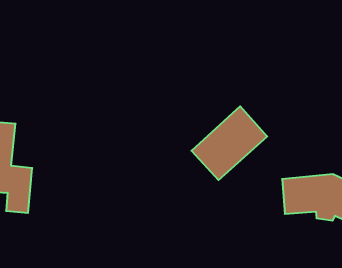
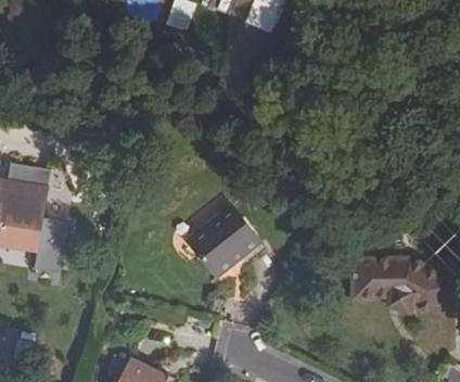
building: [191,106,267,180] -> [169,207,257,290]

